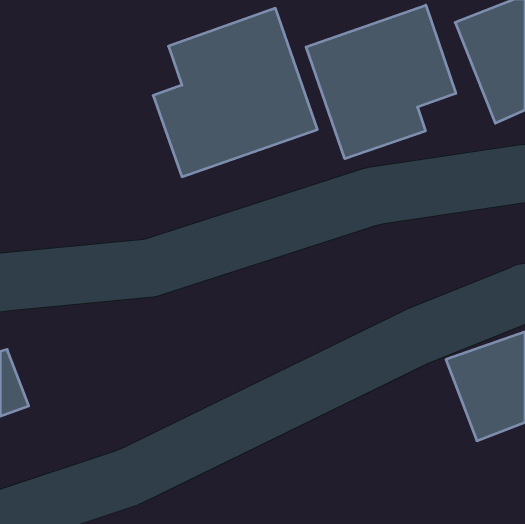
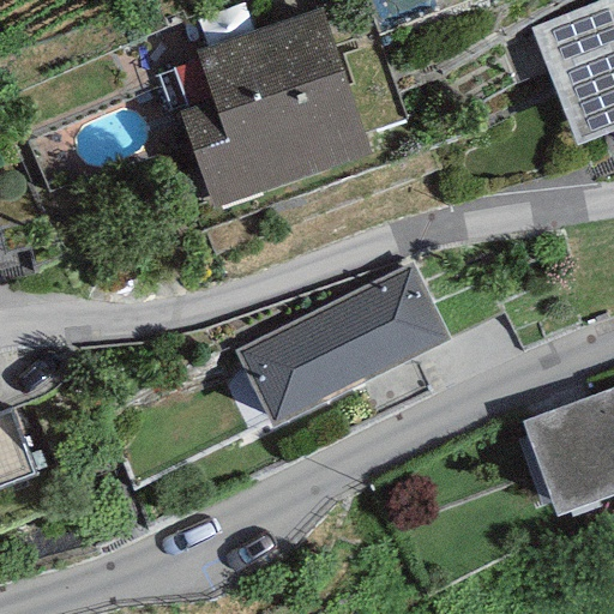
building: [306,5,456,159] -> none
building: none -> [234,261,449,426]

